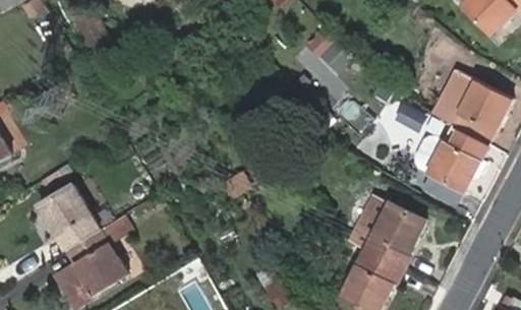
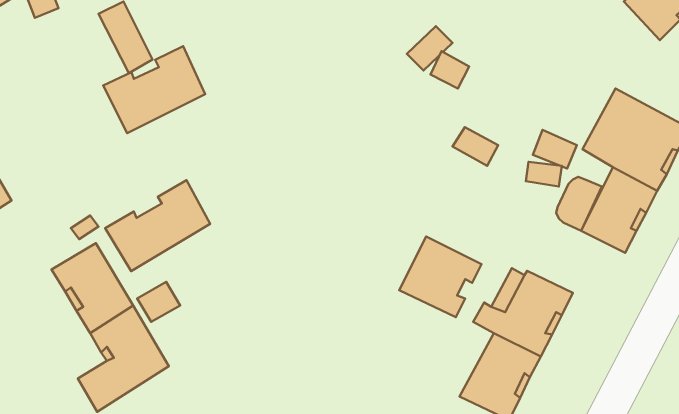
building: none -> [103,46,205,133]
building: none -> [105,180,210,271]
building: none -> [399,236,481,317]

